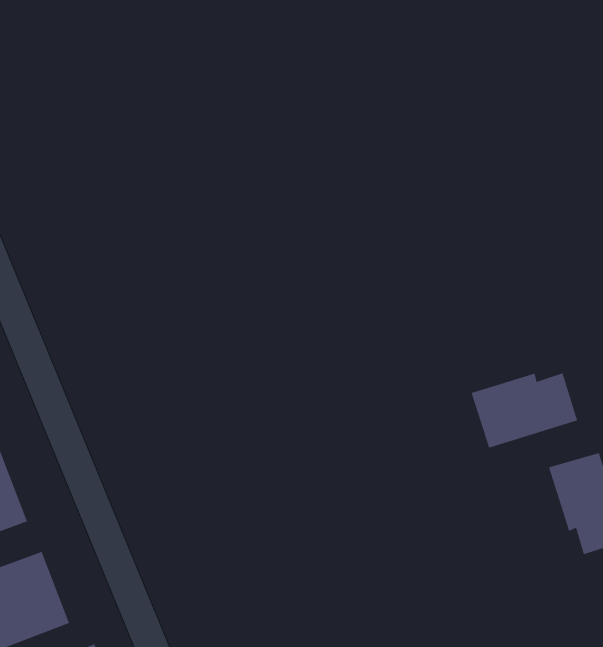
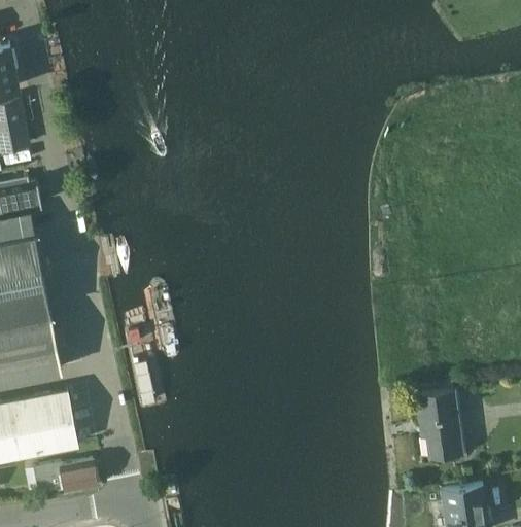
building: [471,373,578,448] -> none

